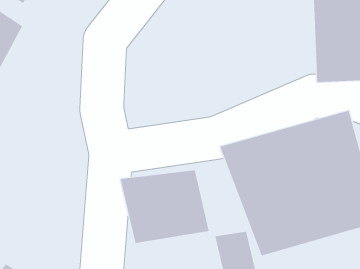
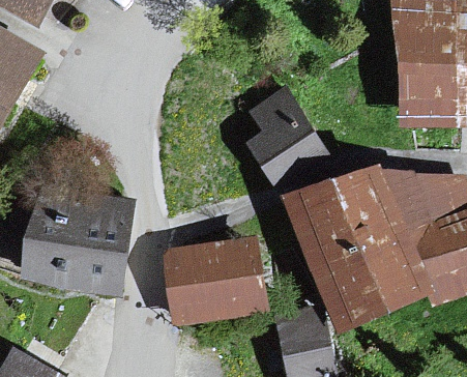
building: none -> [235,89,328,183]
building: none -> [17,186,129,295]

